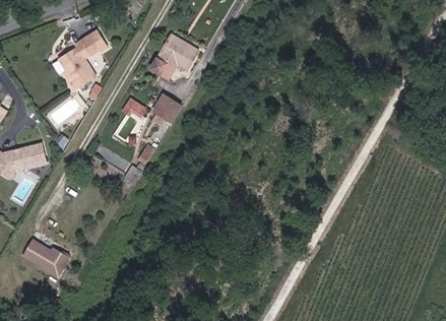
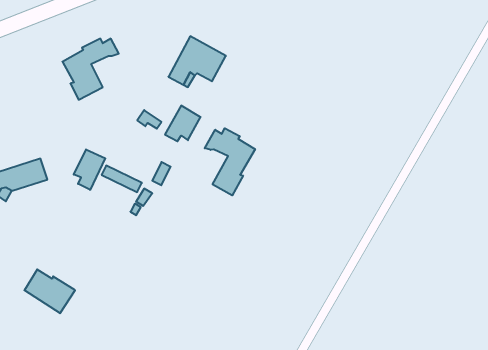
building: none -> [205,128,255,195]
building: none -> [74,149,105,190]

